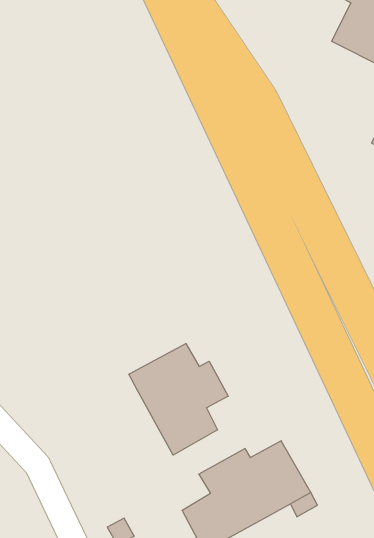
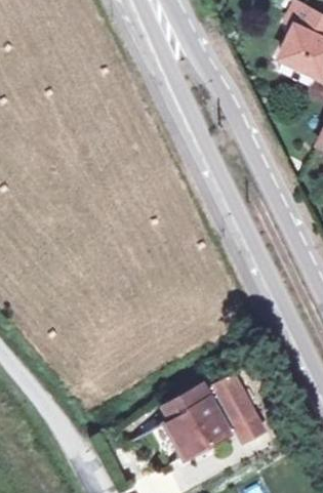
building: [129,344,228,455] -> none

